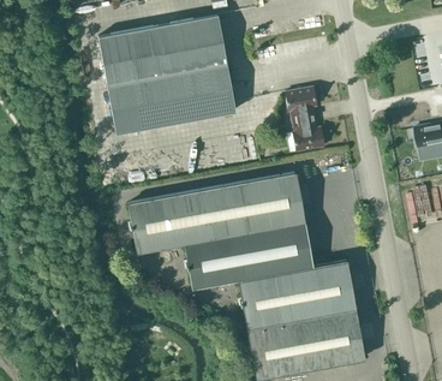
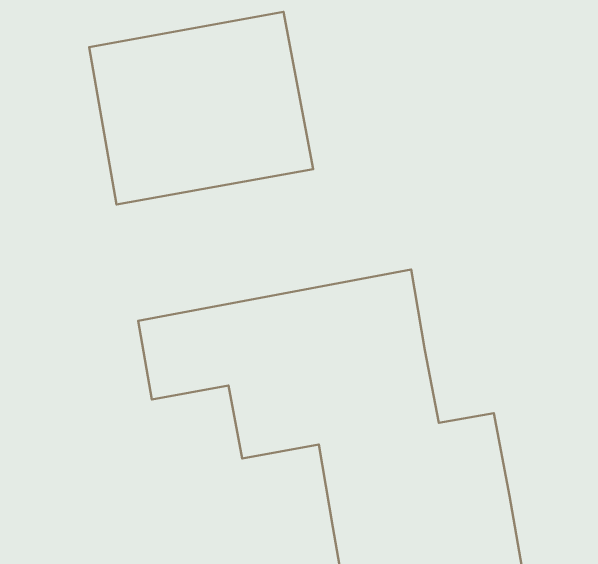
building: [285,87,324,151] -> none

